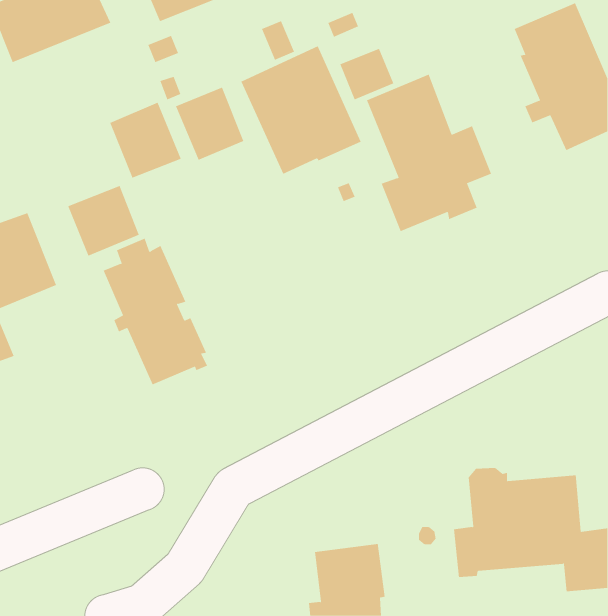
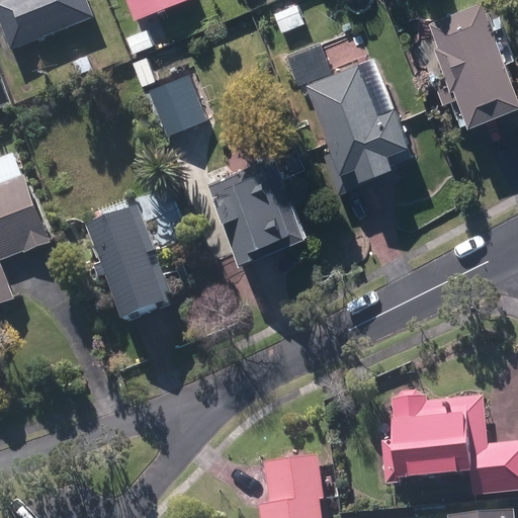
building: [241,45,362,175] -> [208,155,310,263]
building: [109,102,181,178] -> none
building: [68,185,140,257] -> none

